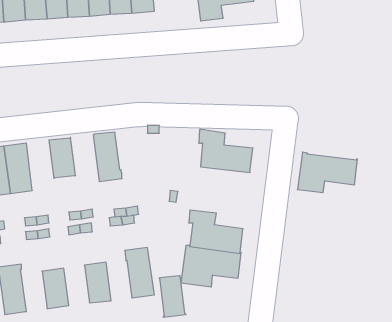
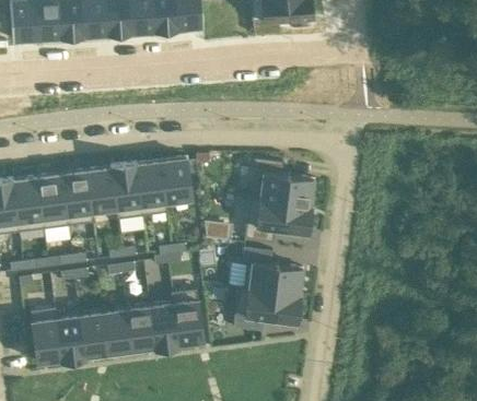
building: none -> [161,156,194,207]
building: none -> [110,162,143,219]
building: none -> [62,169,95,225]
building: [297,152,357,193] -> [245,197,312,241]
building: none -> [104,308,132,353]
building: none -> [56,309,86,361]
building: [159,276,186,317] -> [151,303,181,349]

